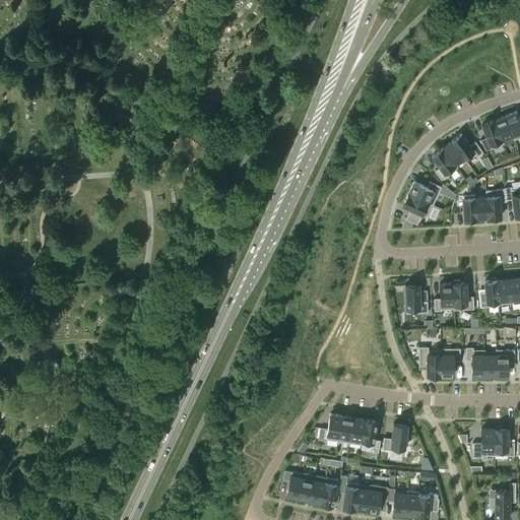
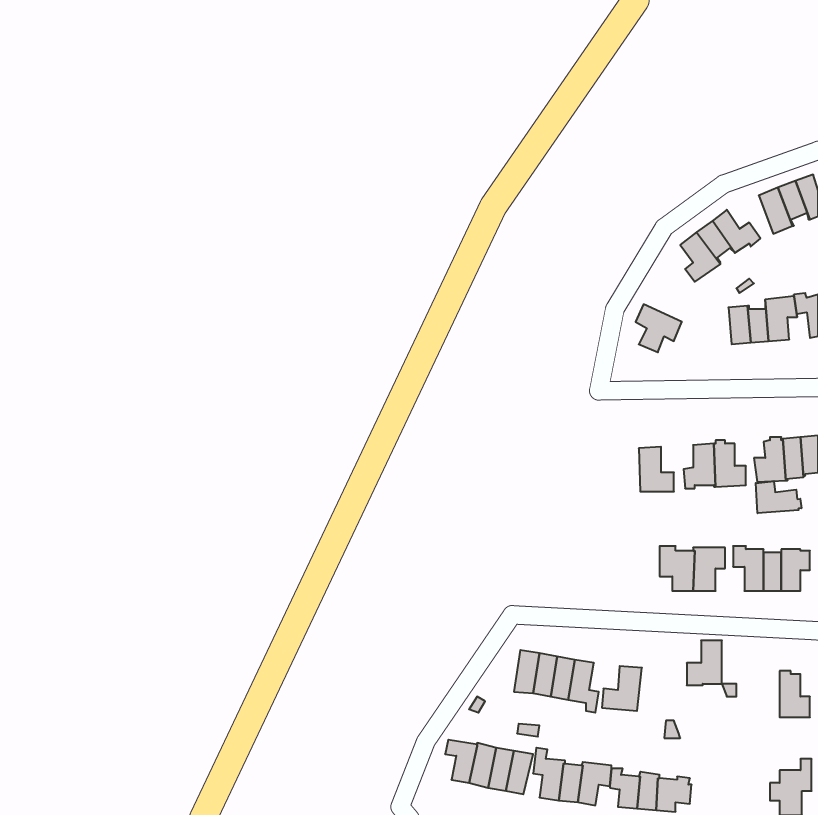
building: [408,183,441,206] -> none
building: none -> [756,481,801,513]
building: [472,430,495,458] -> [687,640,722,685]

